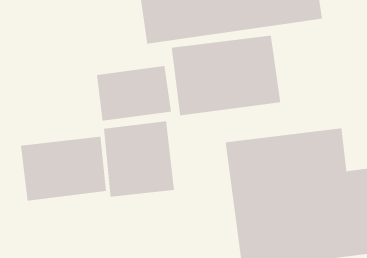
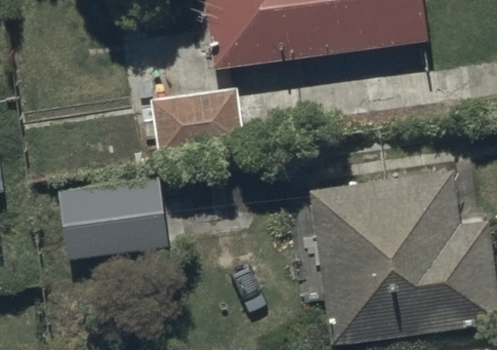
building: [171,35,281,116] -> none
building: [103,121,174,197] -> none

